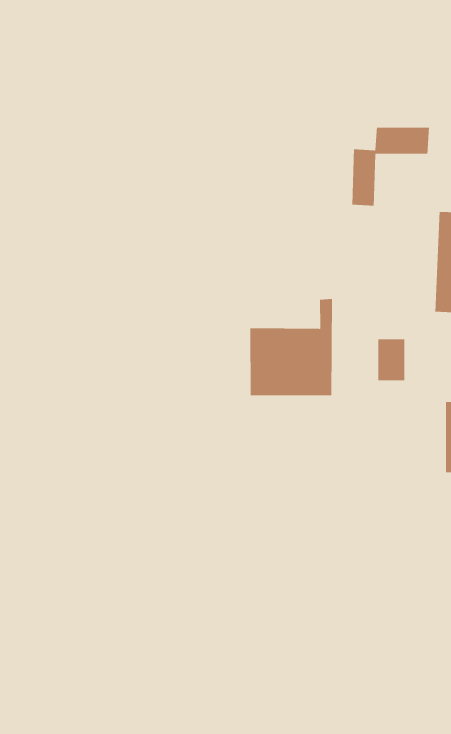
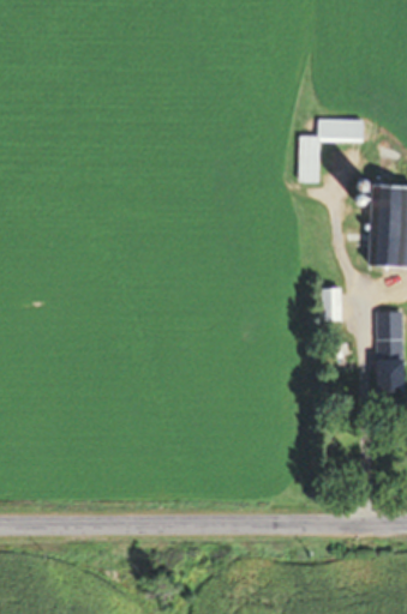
building: [249,298,333,396] -> none

